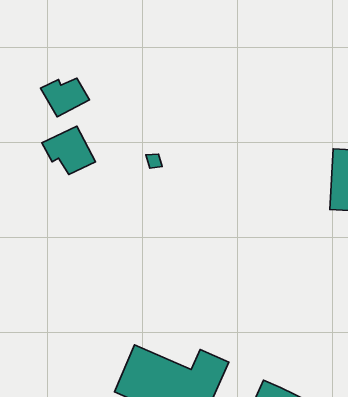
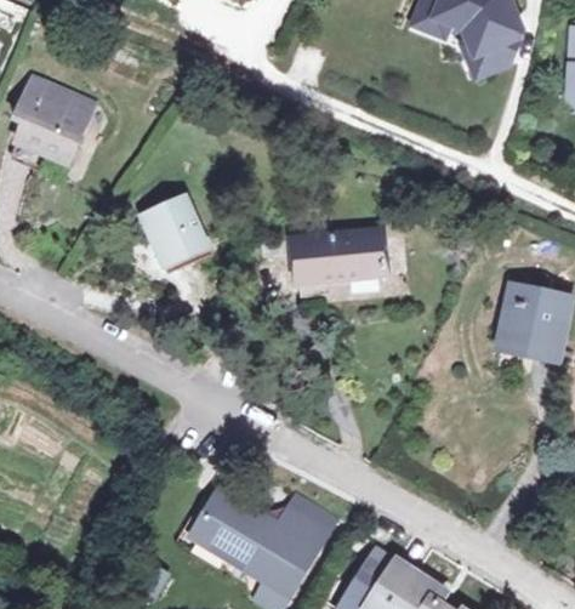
building: [41,78,90,117] -> none
building: none -> [302,240,391,295]

